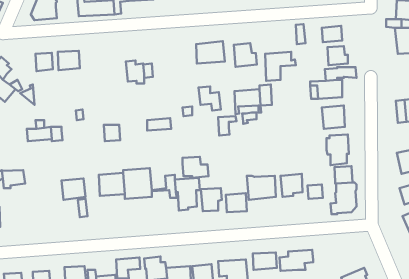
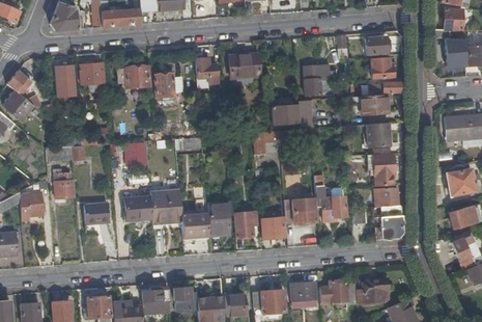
building: [234,43,257,67] -> none
building: none -> [117,65,149,87]
building: [199,86,221,110] -> [195,58,219,84]
building: none -> [54,169,76,198]
building: [183,157,209,178] -> [181,214,209,237]
building: none -> [356,278,389,302]

